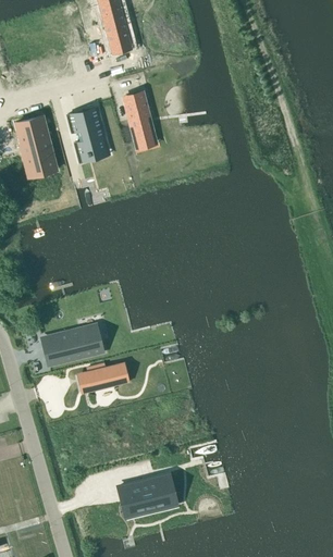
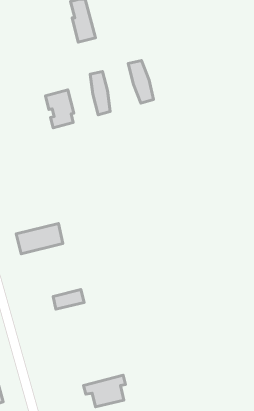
building: none -> [128,61,154,103]
building: [17,121,57,180] -> none
building: [41,324,100,362] -> [16,224,63,254]

